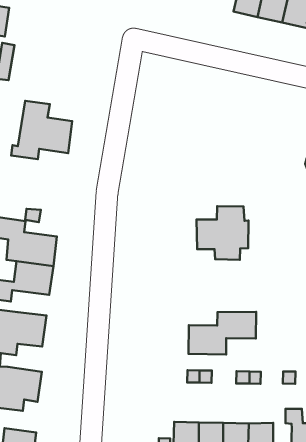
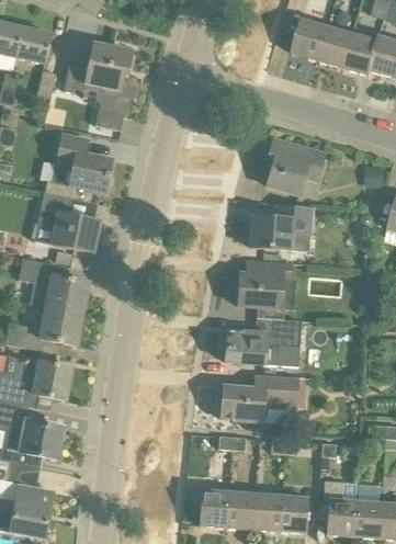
building: none -> [63,42,134,129]
building: none -> [265,138,323,194]
building: none -> [249,204,312,251]
building: none -> [36,192,98,252]
building: none -> [224,316,299,364]

